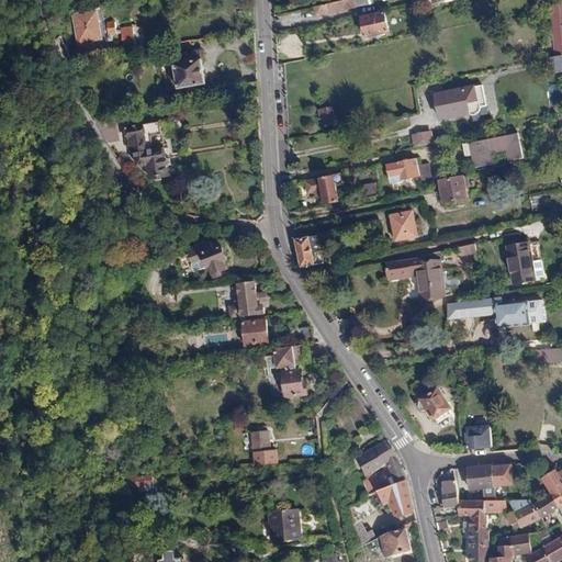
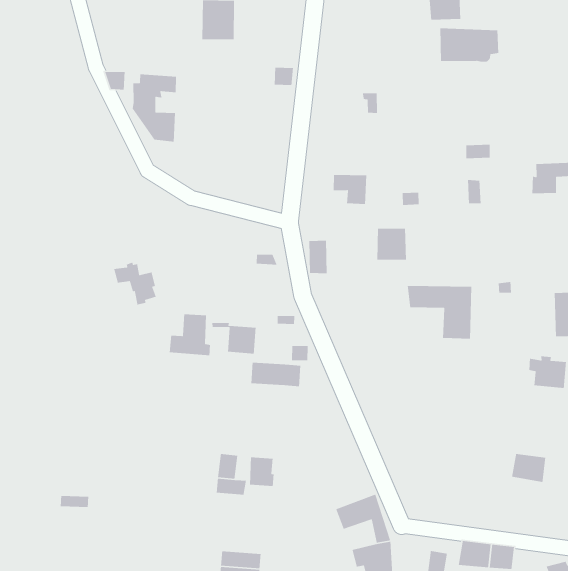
building: [432,85,486,120] -> [439,28,499,62]
building: [385,159,419,178] -> none
building: [437,175,479,204] -> none
building: [390,211,419,243] -> [377,228,407,261]
building: [183,243,224,279] -> [113,261,157,305]
building: [228,281,265,318] -> [169,313,211,356]
building: [446,299,493,321] -> none
building: [280,370,304,396] -> [249,457,275,487]
building: [418,386,450,420] -> none
building: [465,426,493,448] -> [511,453,546,483]

